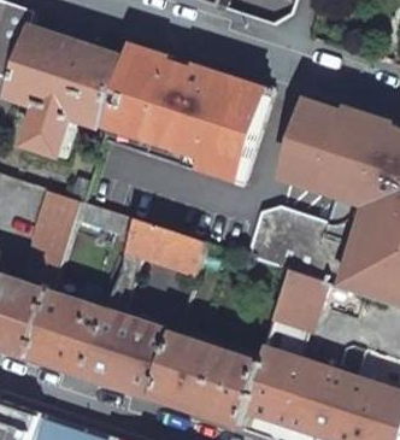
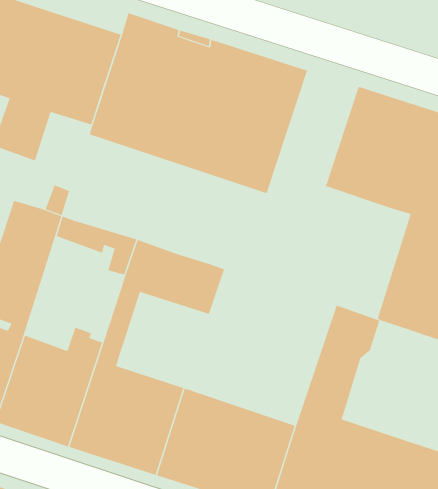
building: [241,194,346,280] -> none

